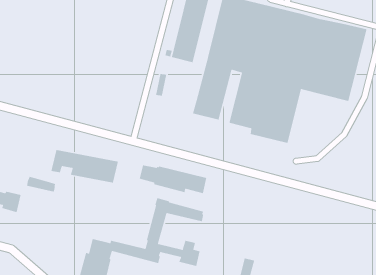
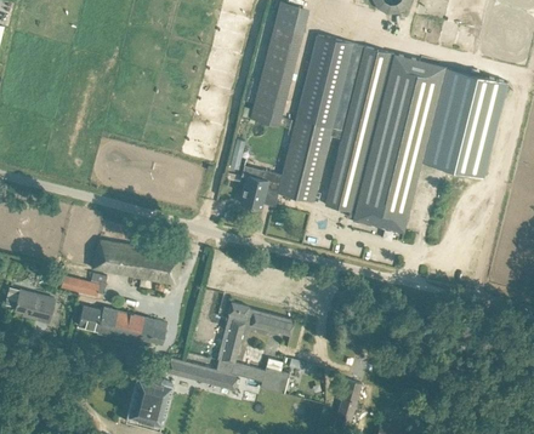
building: none -> [239,170,282,209]
building: [139,164,207,194] -> [76,305,166,344]

